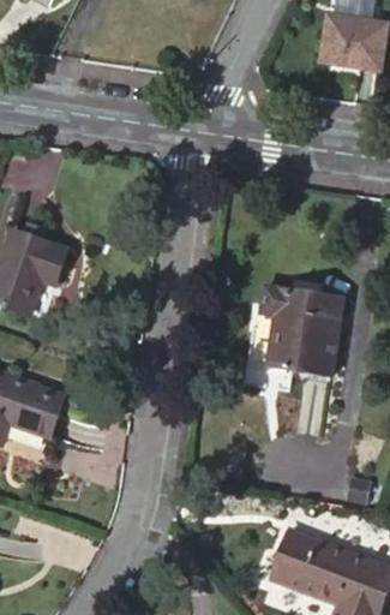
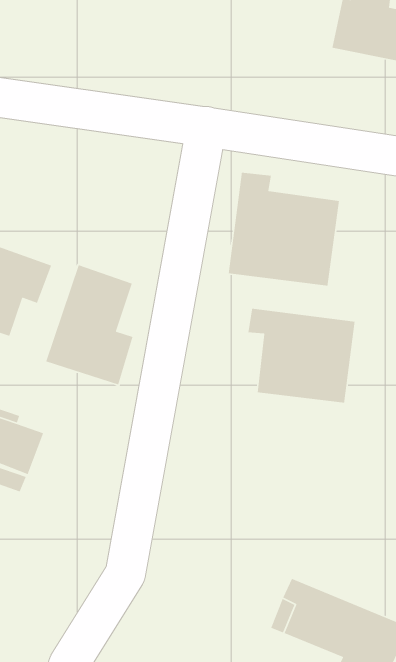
building: none -> [228,172,340,287]
building: none -> [45,264,134,386]

